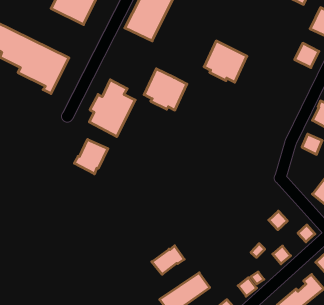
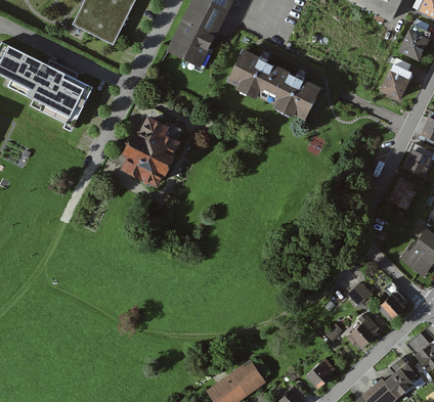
building: [144,69,187,110] -> [226,46,280,98]
building: [74,139,108,174] -> none
building: [152,246,184,274] -> none

